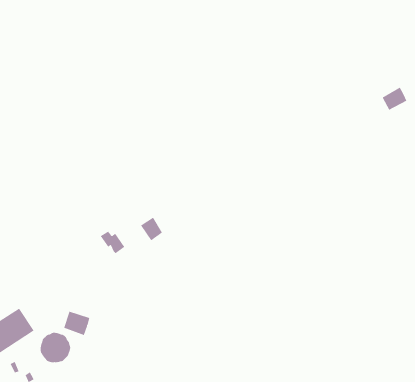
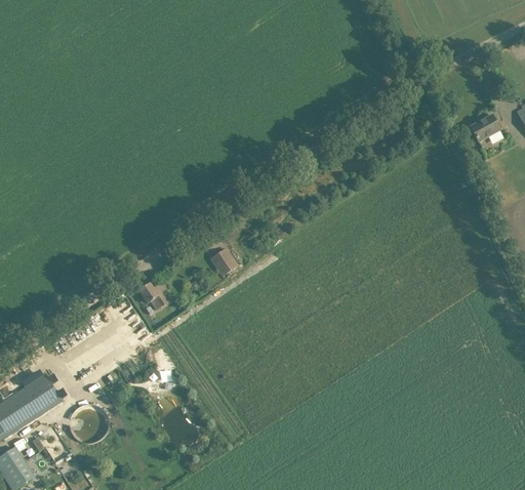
building: [140,217,163,241] -> [210,248,237,277]
building: [63,311,90,336] -> none

